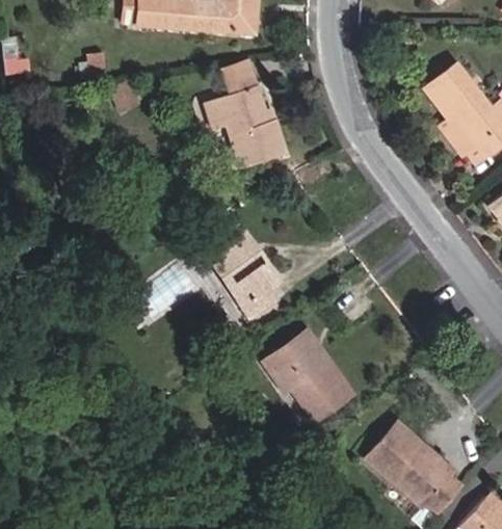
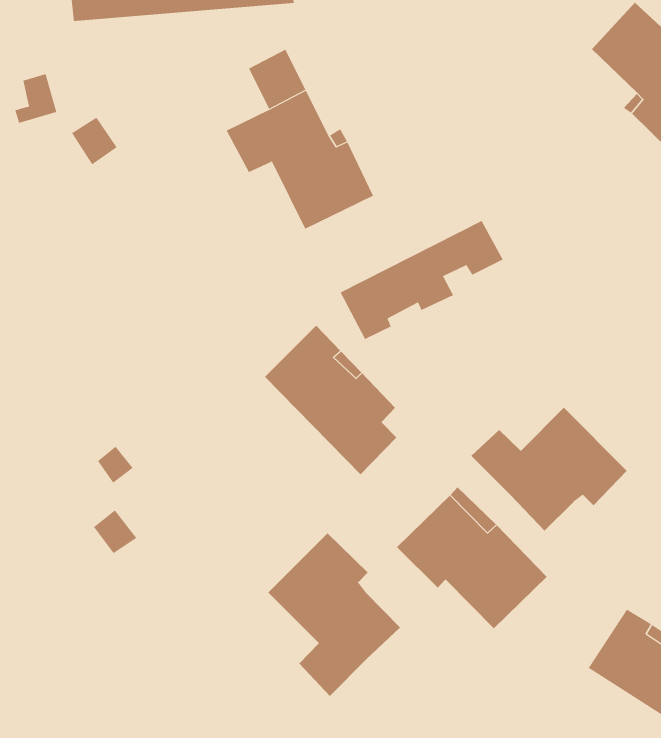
building: none -> [340,220,503,340]
building: none -> [471,407,628,532]
building: none -> [268,533,401,697]

